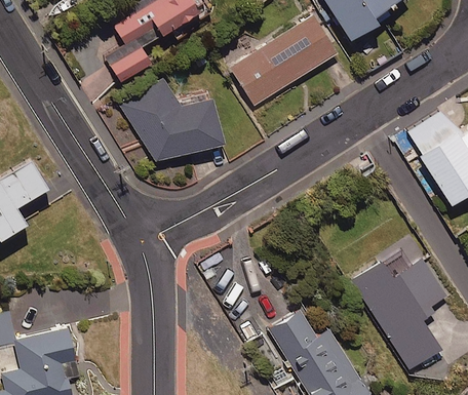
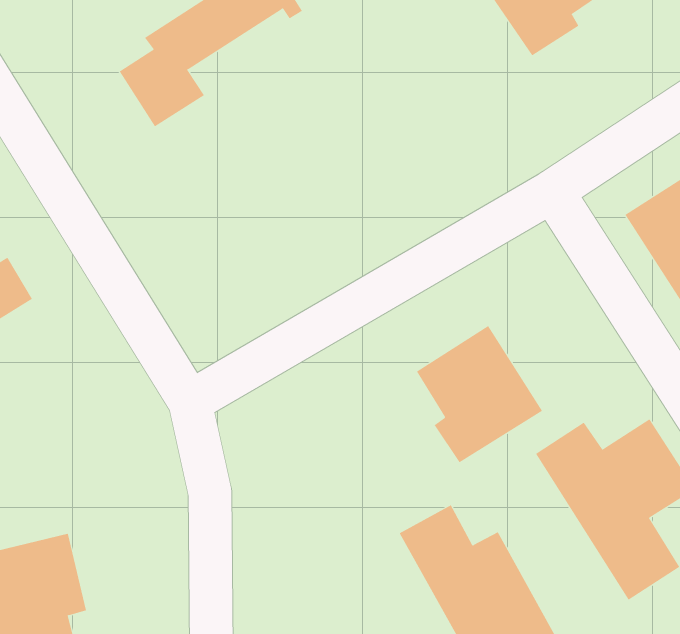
building: [230,13,338,106] -> none
building: [120,75,224,158] -> none
building: none -> [416,325,543,463]

